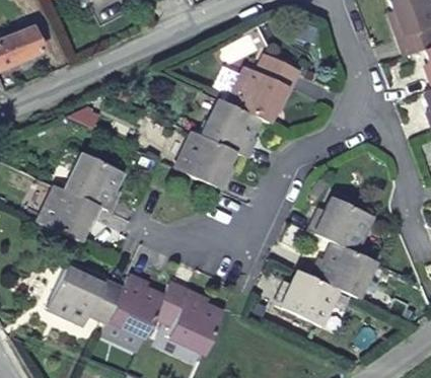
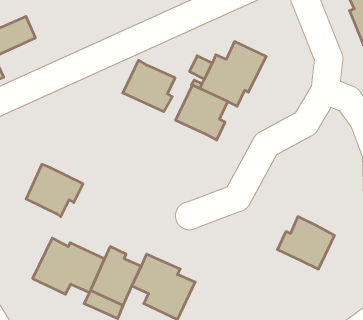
building: [175,132,232,187] -> [123,60,175,112]
building: [65,152,123,209] -> none
building: [311,197,371,251] -> none
building: [276,271,337,325] -> none

